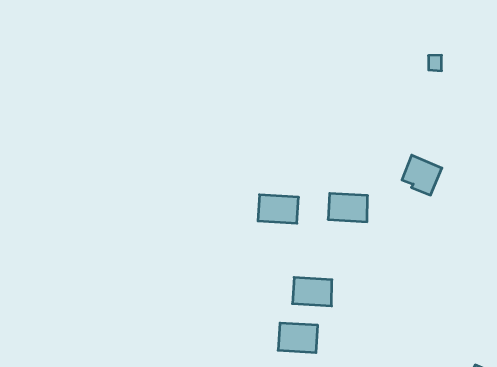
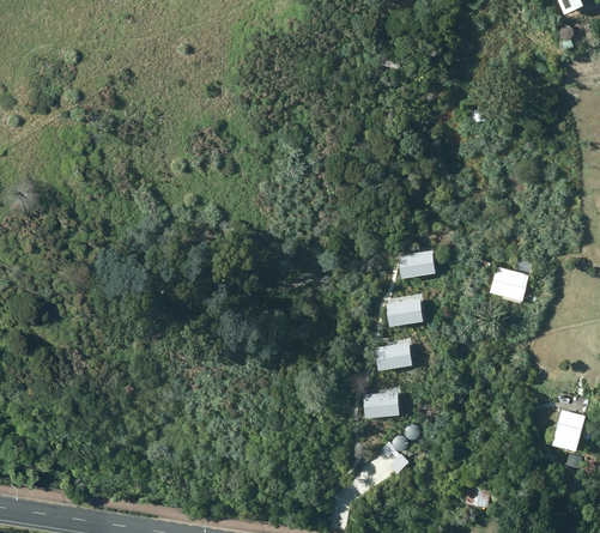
building: [402,155,442,195] -> [491,260,529,297]
building: [258,195,299,223] -> [381,297,423,327]

